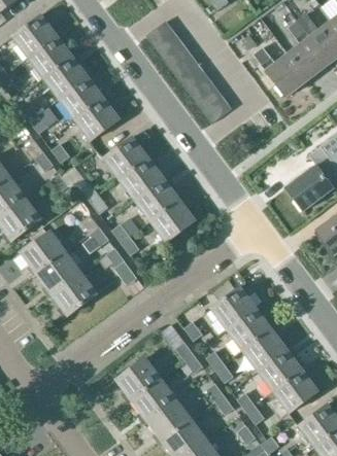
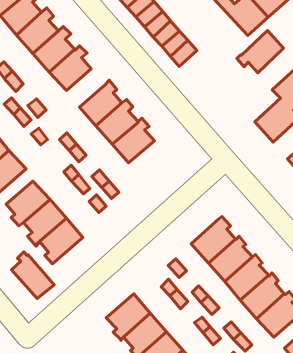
building: none -> [237,30,284,73]
building: [150,196,196,241] -> none
building: none -> [11,252,54,299]

